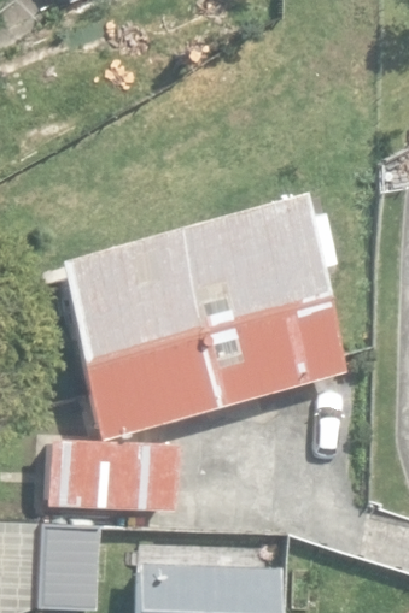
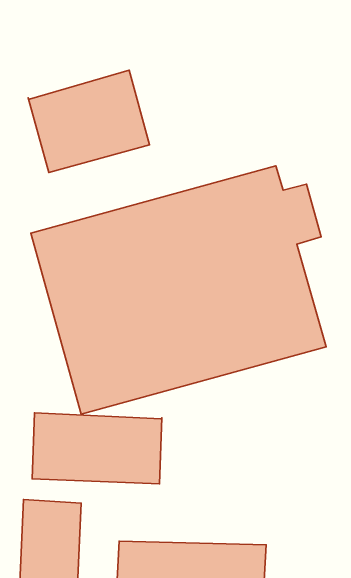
building: none -> [28,70,149,172]

